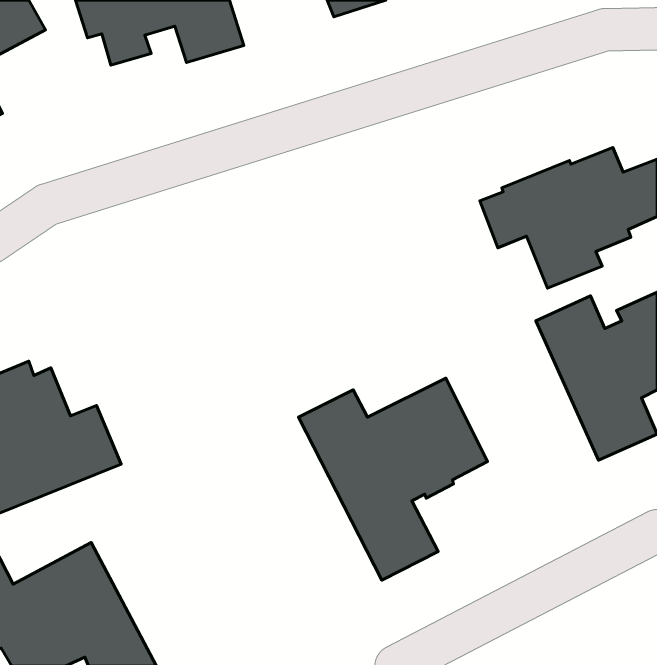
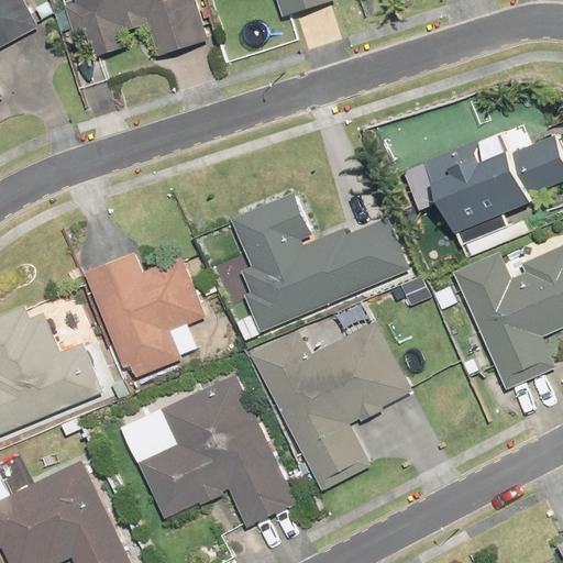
building: none -> [231,191,408,331]
building: none -> [85,251,206,376]
building: none -> [122,374,295,526]

